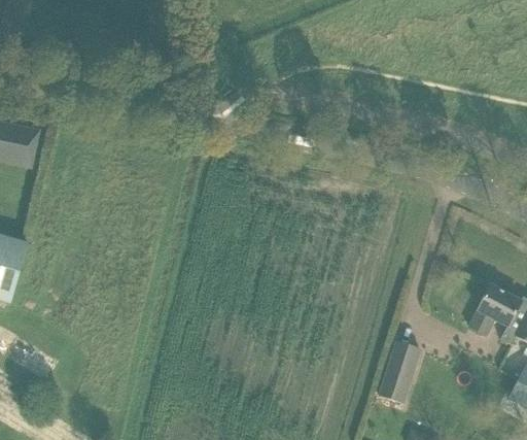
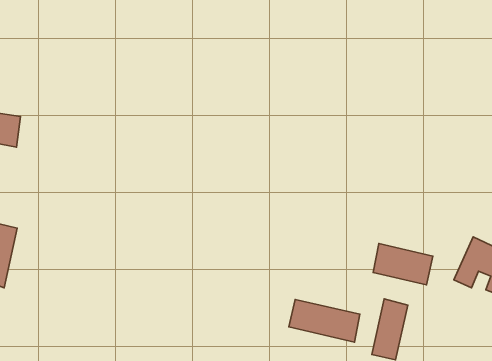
building: none -> [373,243,433,285]
building: none -> [289,300,360,342]

